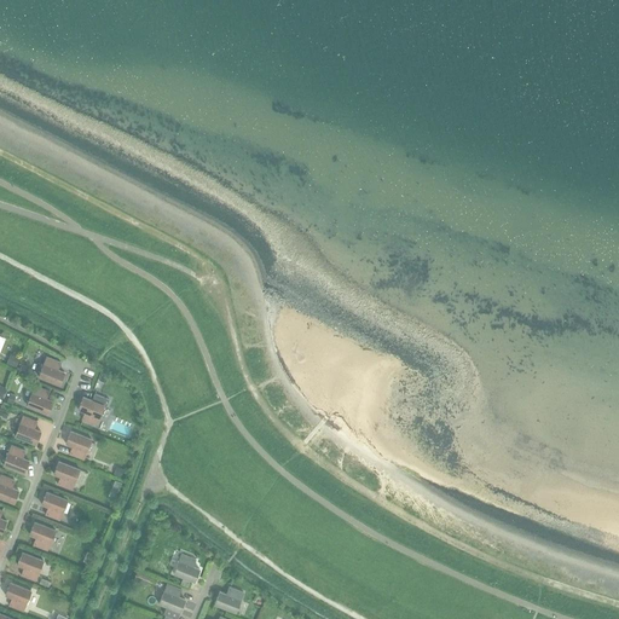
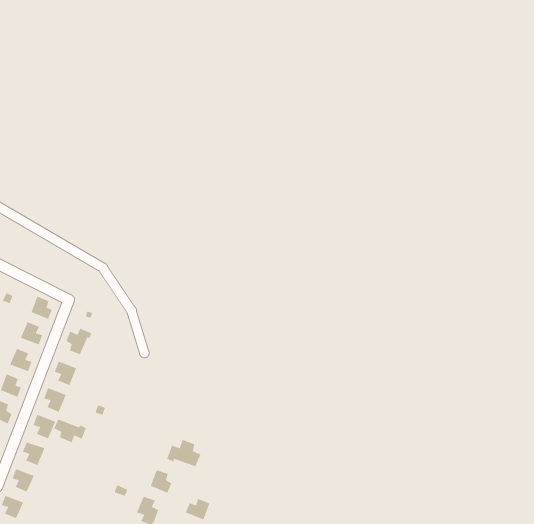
building: none -> [53,418,87,443]
building: none -> [166,439,201,467]

